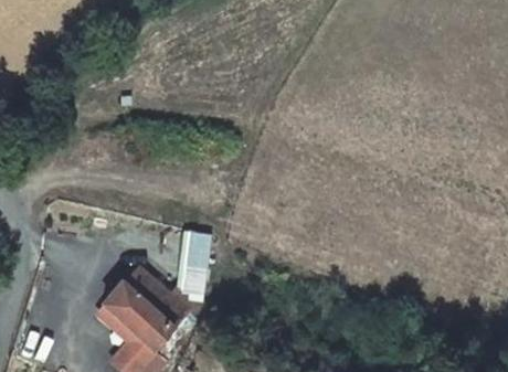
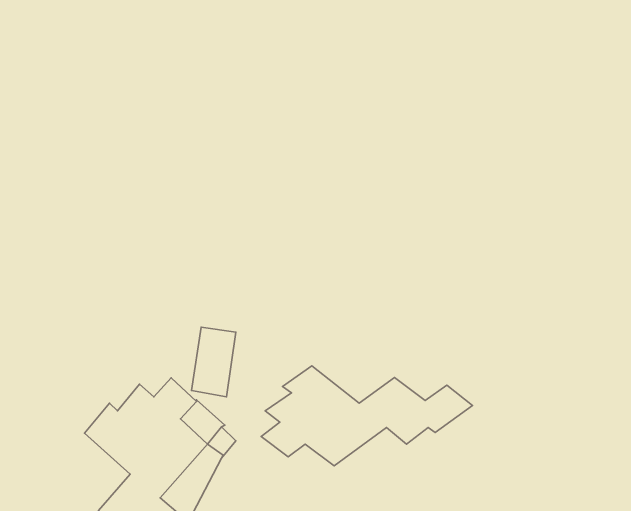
building: none -> [261,366,472,466]

